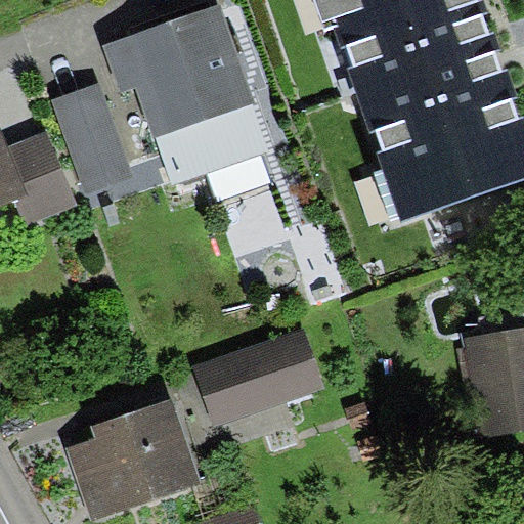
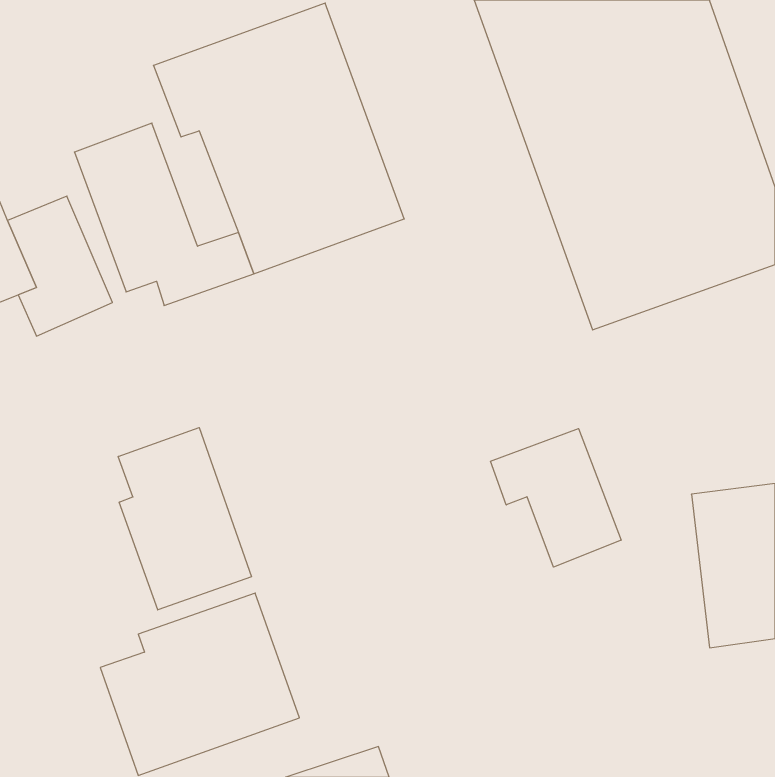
building: none -> [118,428,251,610]
building: none -> [490,429,621,567]
building: [193,324,324,450] -> none

